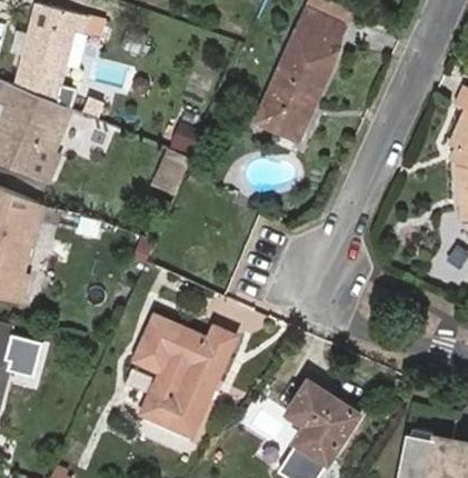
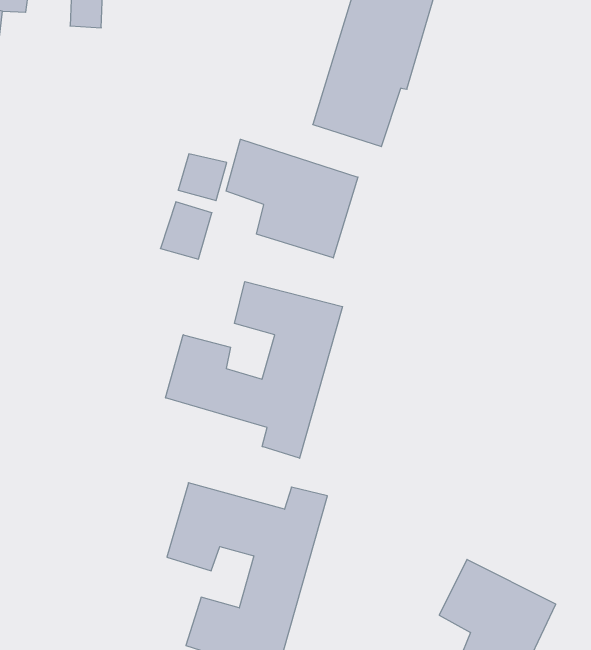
building: none -> [226,139,358,258]
building: none -> [166,282,343,458]

